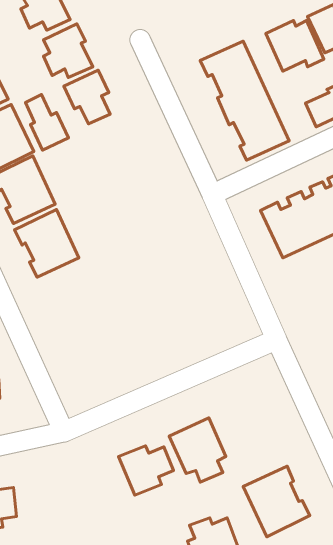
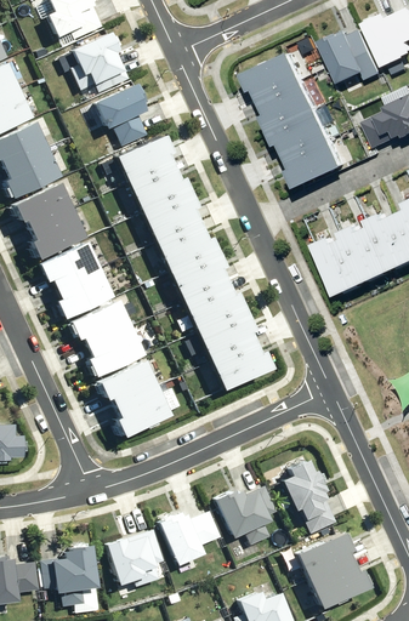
building: [26,95,68,150] -> none
building: none -> [115,133,271,387]
building: none -> [69,297,142,374]
building: none -> [97,358,170,434]
building: none -> [279,460,333,536]
building: none -> [108,532,160,582]
building: none -> [52,542,96,603]

